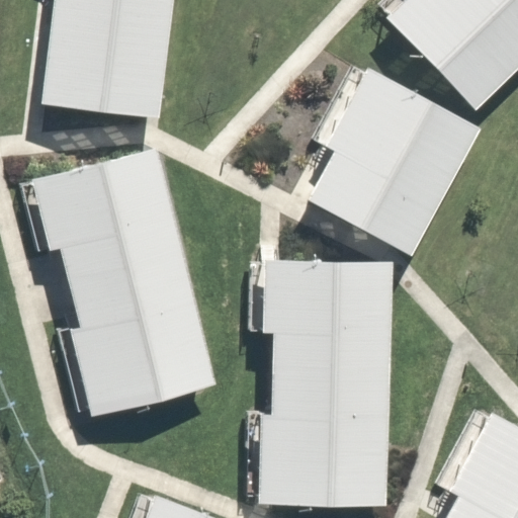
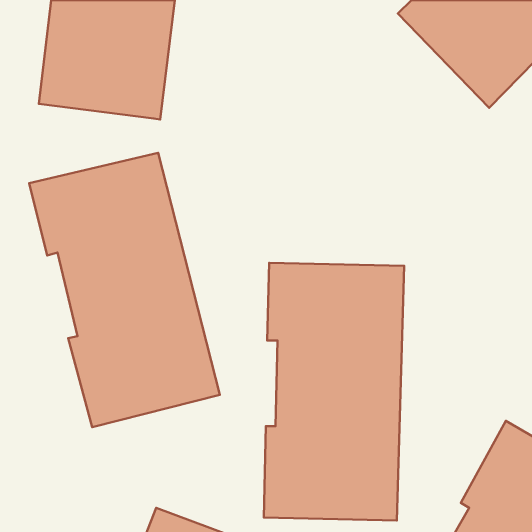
building: [307,68,481,254] -> none

